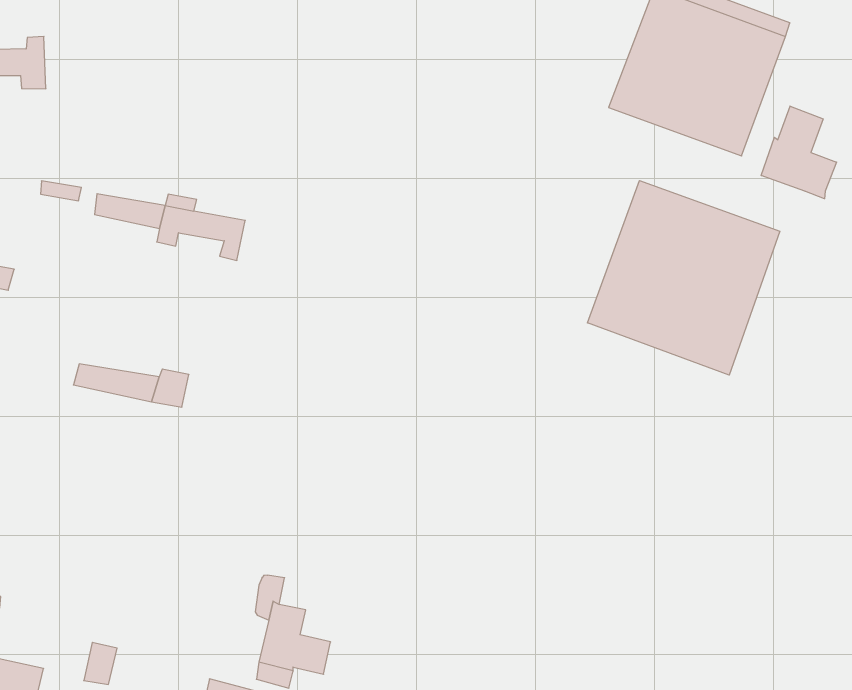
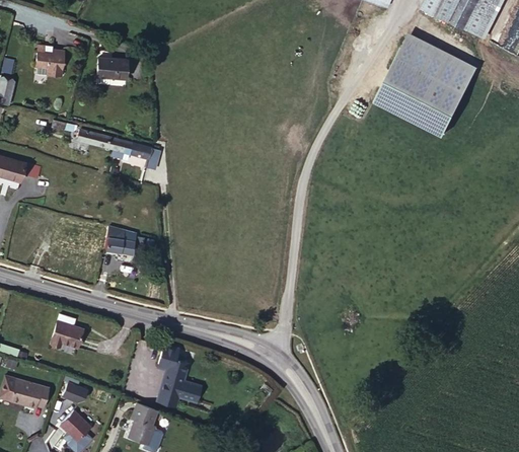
building: none -> [104,55,133,78]
building: [761,106,837,199] -> none
building: [587,181,780,375] -> none
building: none -> [52,316,84,350]

